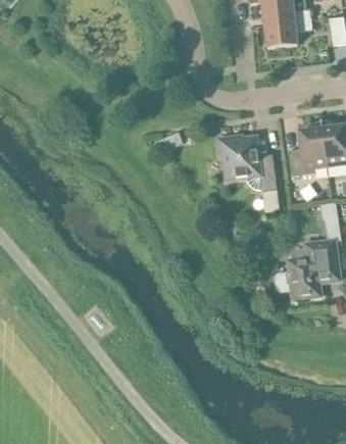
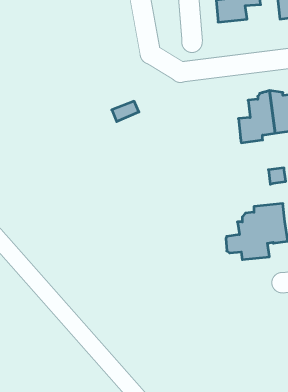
building: [217,136,279,211] -> none

